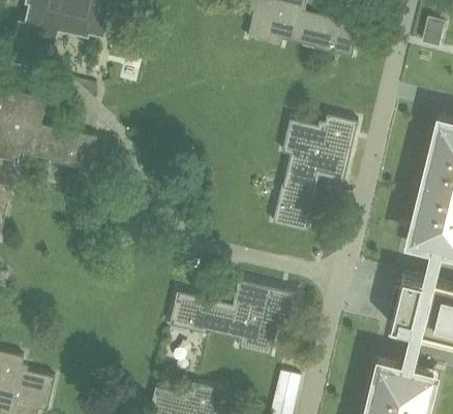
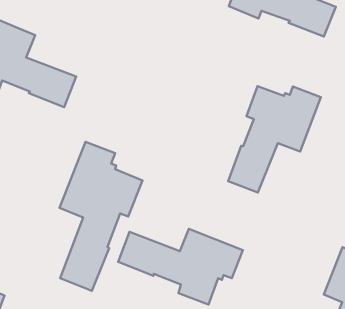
building: none -> [60,142,143,291]

